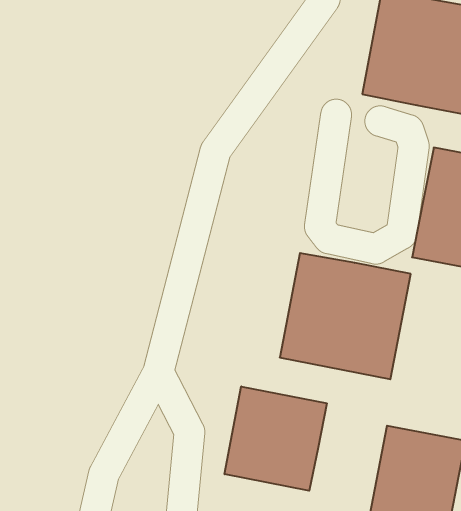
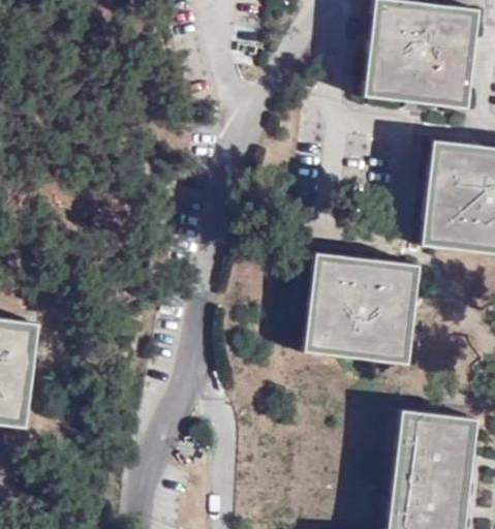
building: [225,386,327,491] -> none

